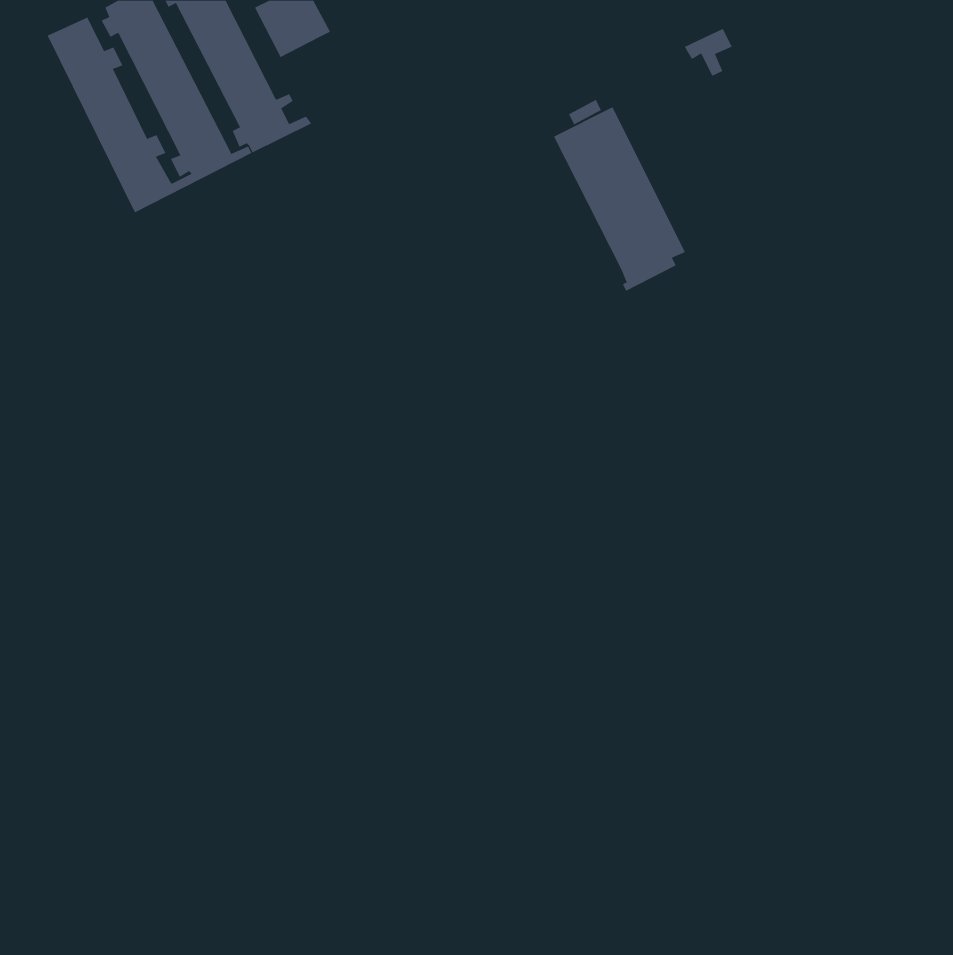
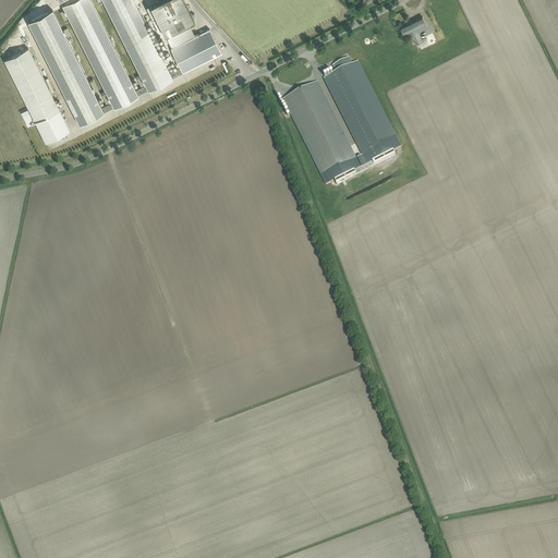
building: none -> [169,28,220,72]
building: none -> [4,48,68,142]
building: none -> [282,83,360,185]

